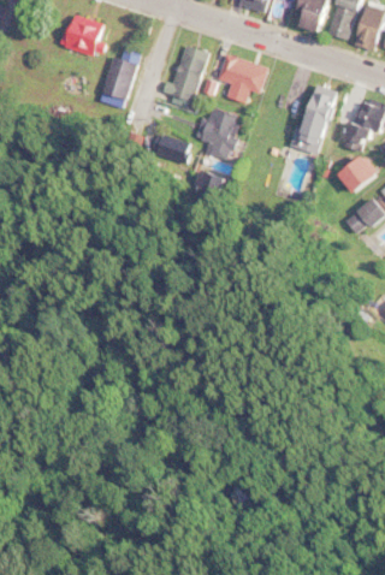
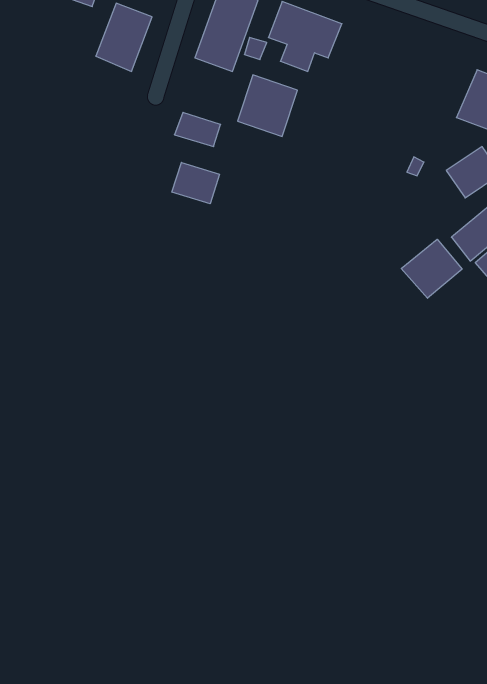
building: [290,93,337,154] -> none
building: none -> [172,162,220,204]
building: none -> [401,239,462,298]

